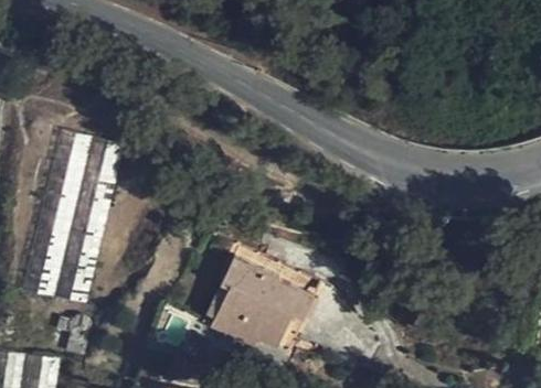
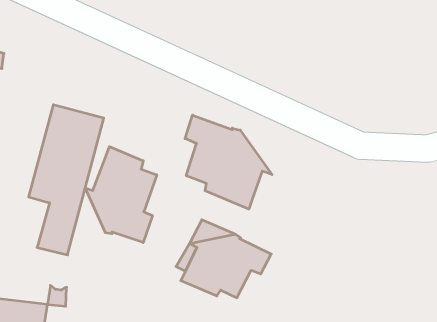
building: none -> [185,115,272,209]
building: none -> [85,147,157,243]

